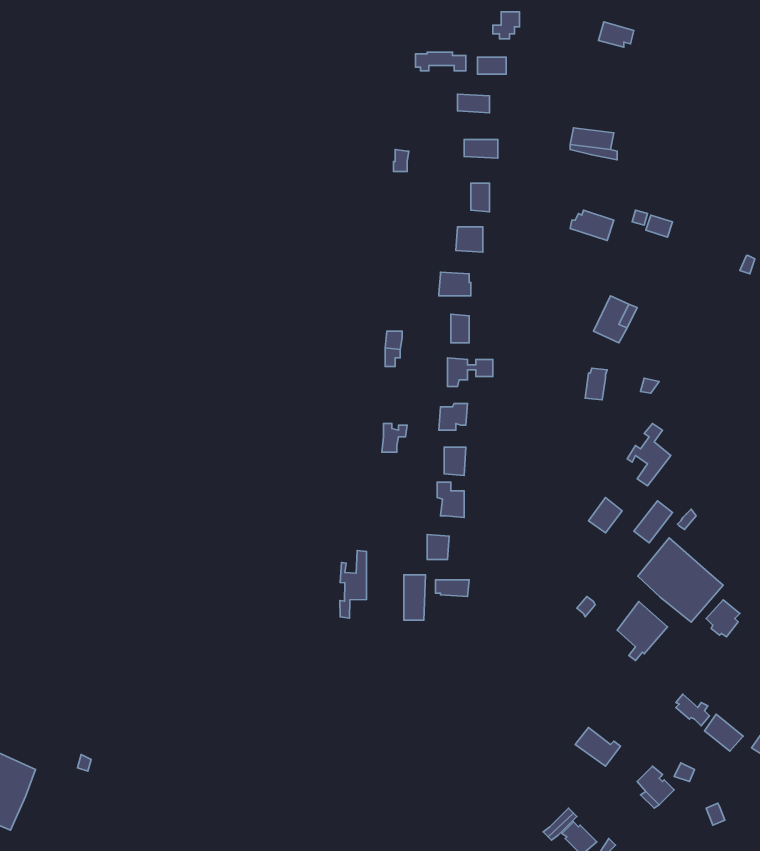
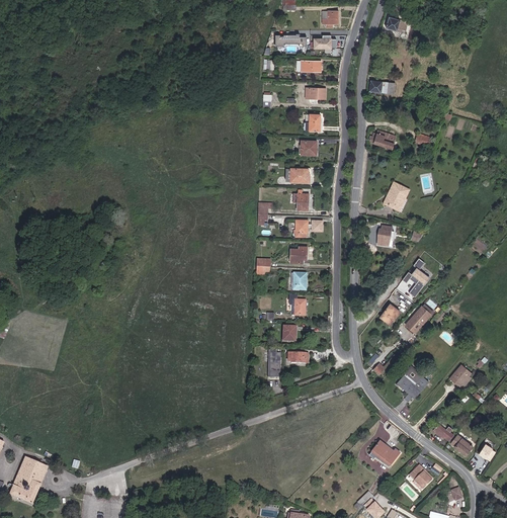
building: [638,538,723,622] -> none
building: [340,550,366,618] -> none

